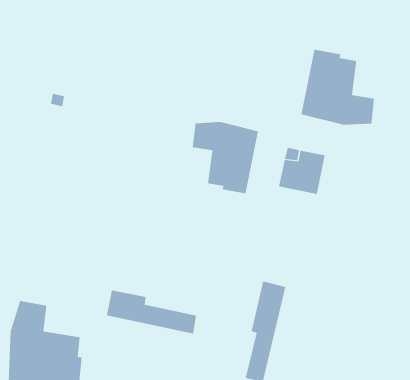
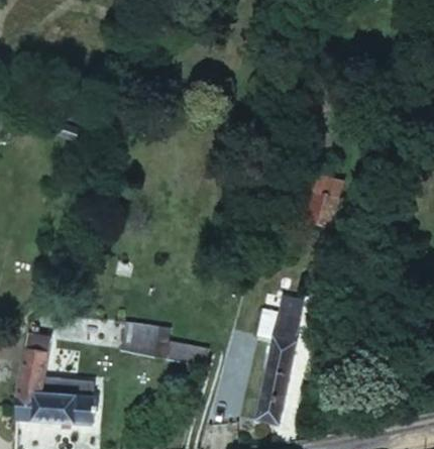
building: [301,49,375,125] -> none
building: [192,121,259,194] -> none

